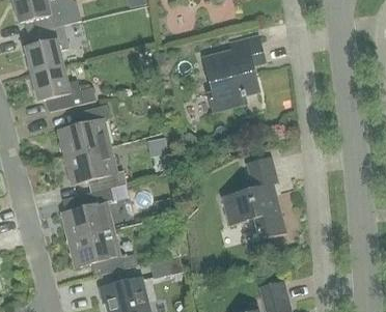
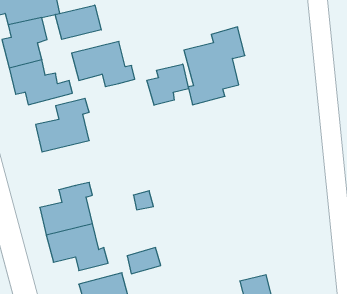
building: none -> [55,5,101,39]
building: none -> [147,64,189,105]
building: [64,147,127,192] -> [72,41,135,87]
building: [221,158,286,239] -> none

